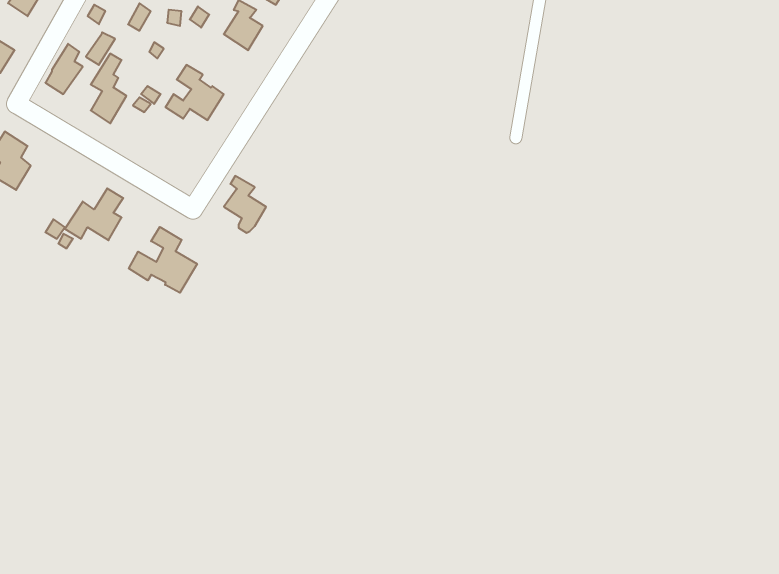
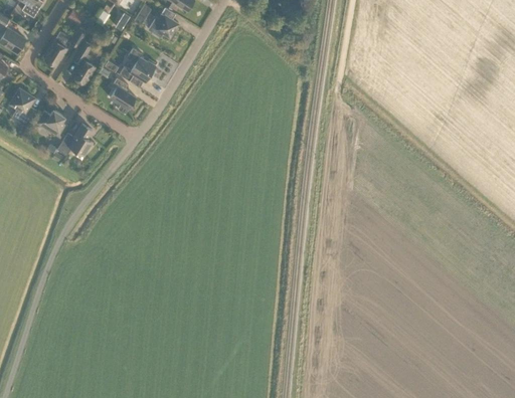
building: none -> [36,109,64,136]
building: [224,176,266,233] -> [109,76,135,112]
building: [129,227,197,293] -> none

